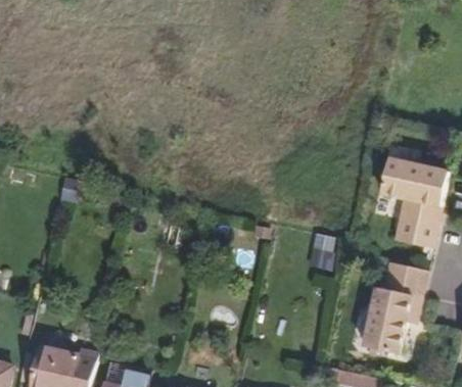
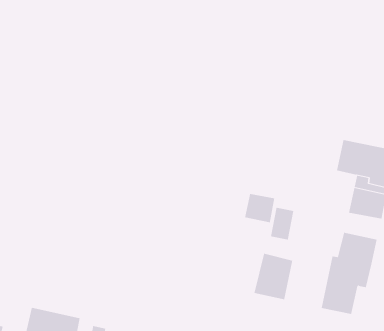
building: none -> [245,193,275,223]
building: none -> [254,253,293,300]

